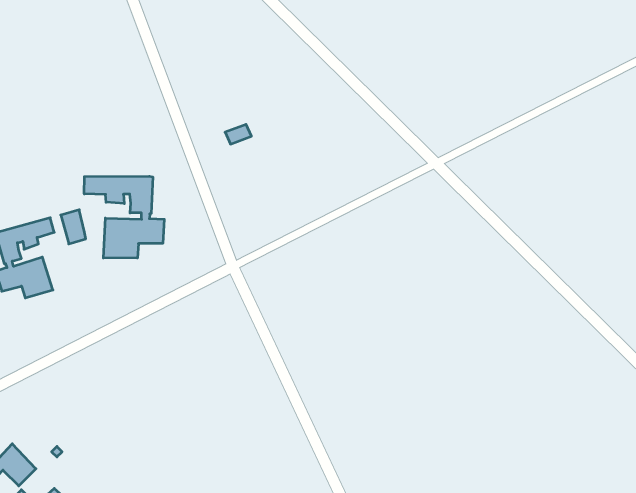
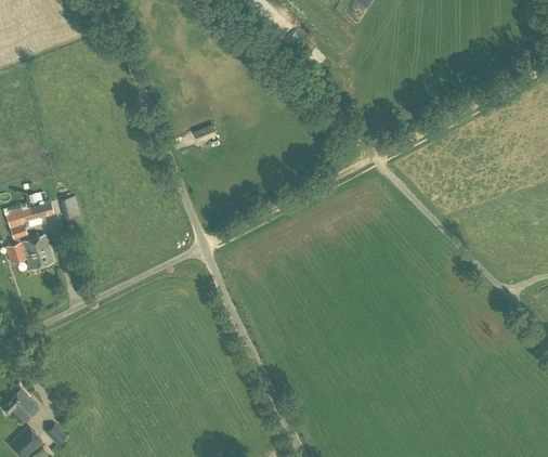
building: [84,176,164,258] -> none

